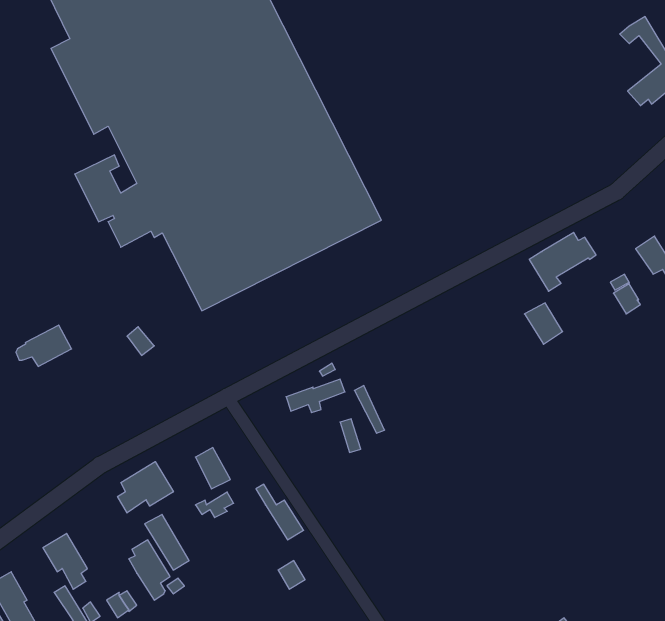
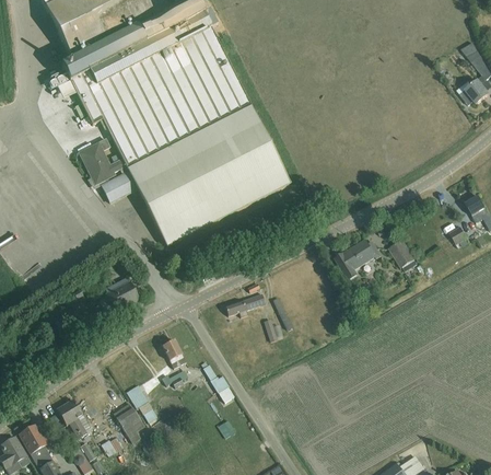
building: [529,232,596,291] -> [335,239,381,279]
building: [16,325,72,366] -> [100,281,138,310]
building: [118,462,173,513] -> none

